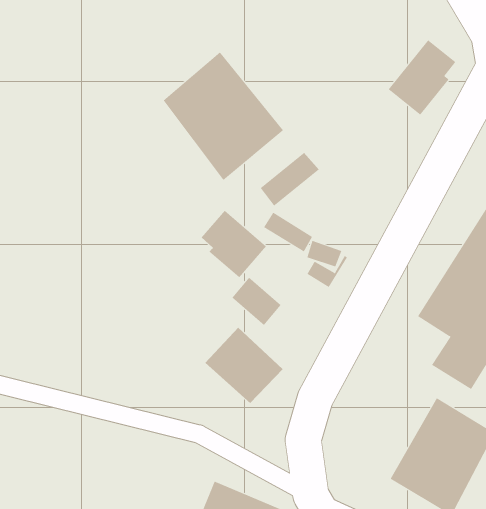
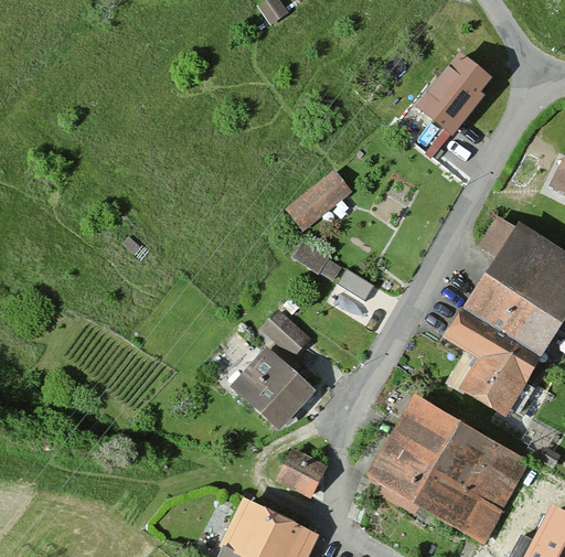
building: [163,51,284,181] -> none
building: [201,210,267,278] -> none
building: none -> [363,390,468,505]
building: none -> [278,453,324,496]

